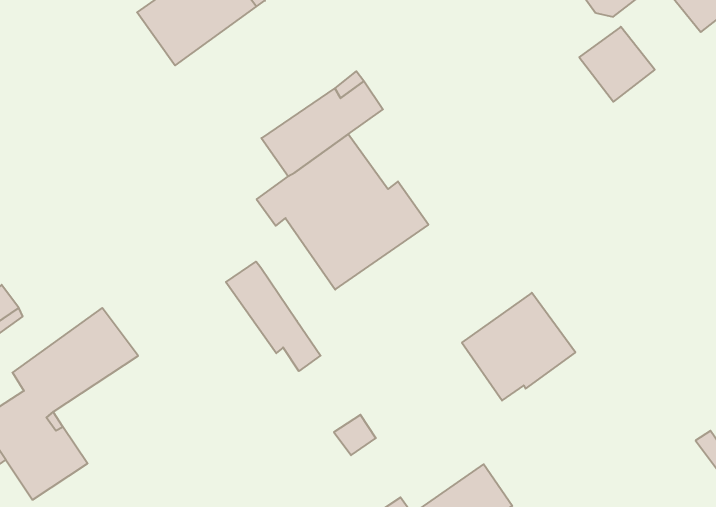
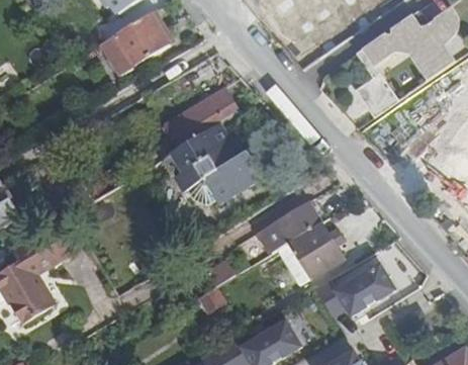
building: none -> [256,201,318,253]
building: [226,262,321,371] -> none
building: none -> [314,263,393,315]

